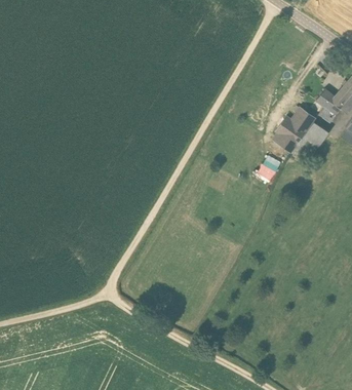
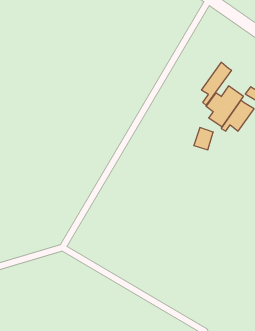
building: none -> [202,62,231,105]

